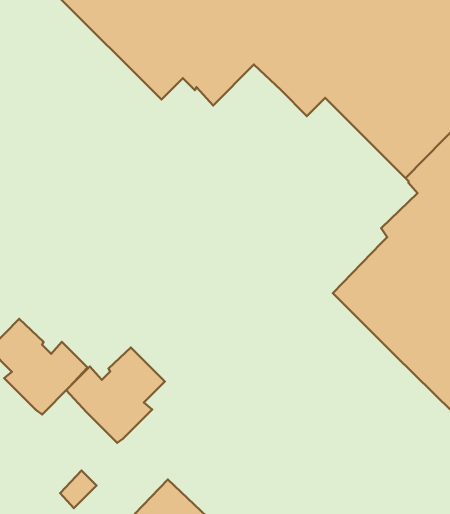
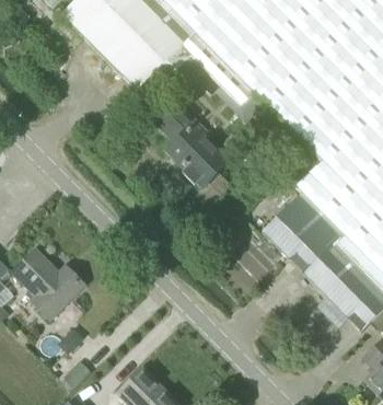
building: none -> [155,102,228,187]
building: [66,348,165,443] -> none

